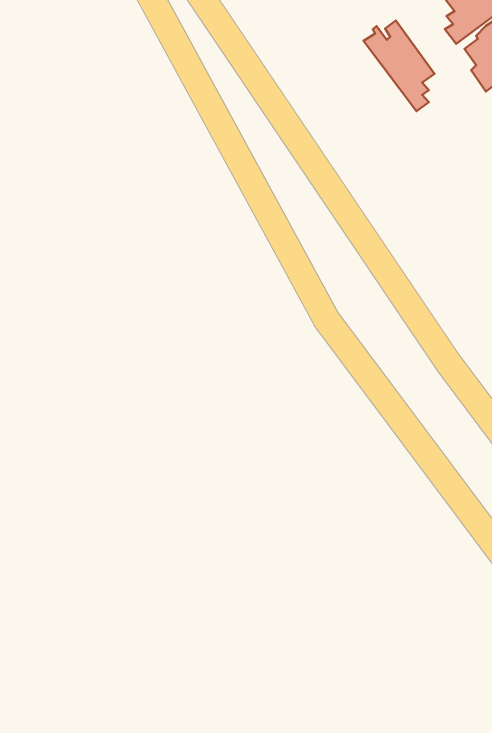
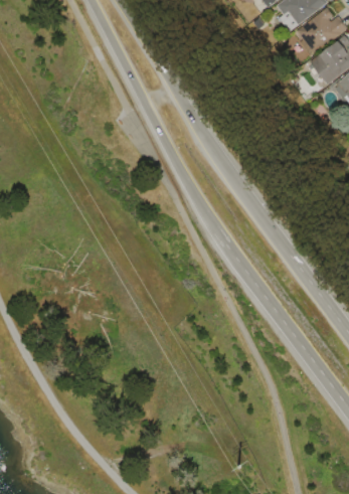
building: [363,20,434,111] -> none

